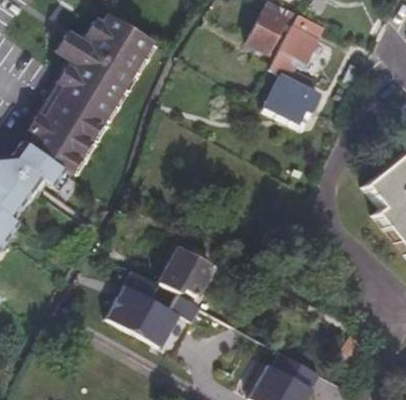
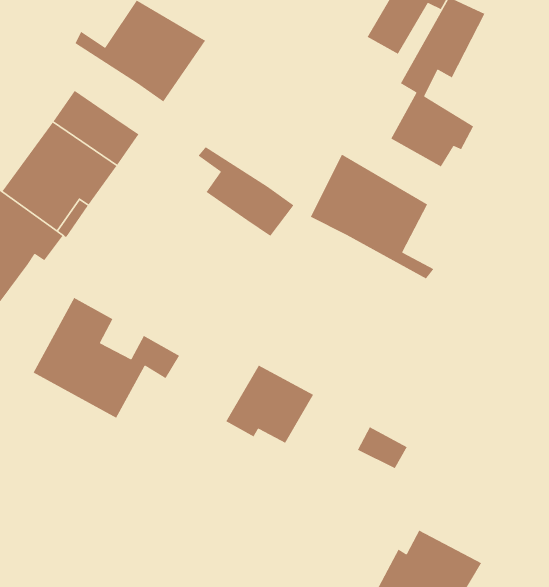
building: [60,43,122,101] -> [198,146,294,237]
building: none -> [310,153,434,279]
building: [109,270,202,348] -> [33,297,180,419]

